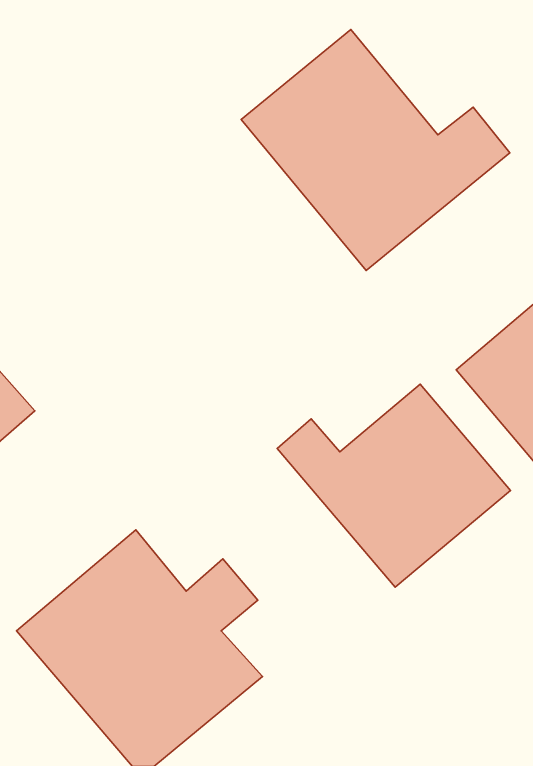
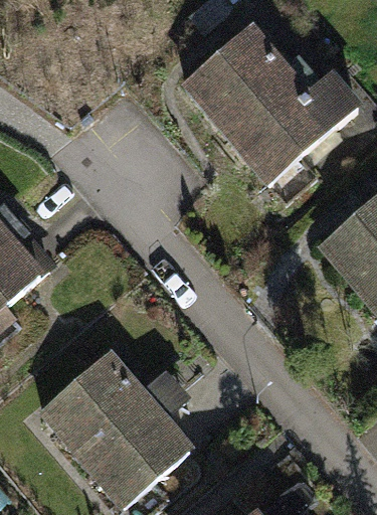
building: [277,384,511,587] -> none

